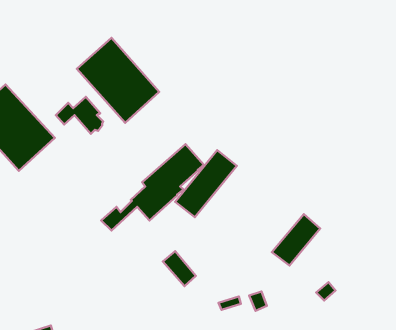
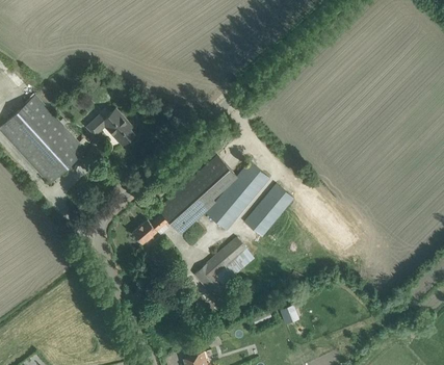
building: [77,38,159,123] -> none
building: [272,214,320,266] -> [244,184,293,236]
building: none -> [215,238,247,268]

